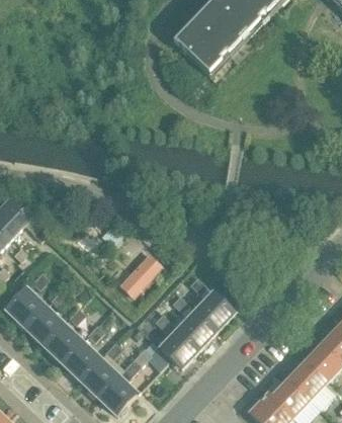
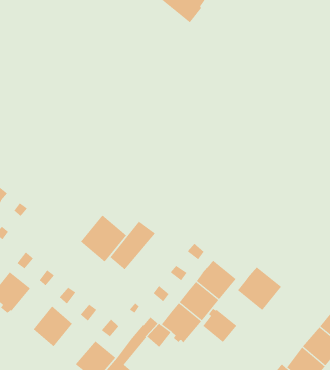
building: none -> [80,214,127,263]
building: none -> [237,266,282,311]
building: [24,305,62,342] -> none
building: none -> [202,308,237,343]
building: [61,340,99,377] -> none

